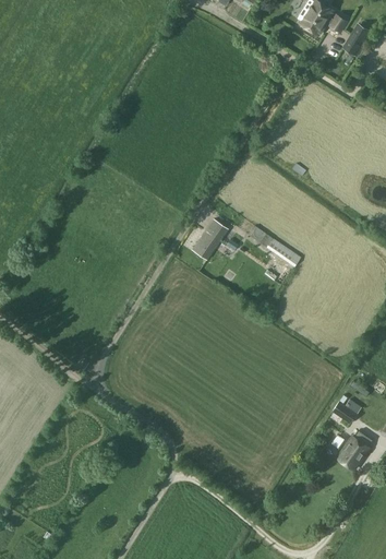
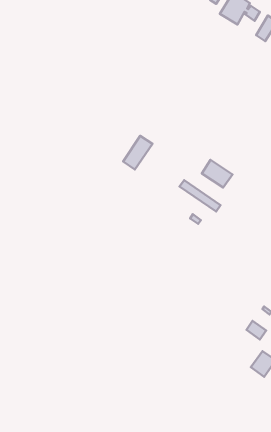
building: none -> [202,160,232,187]
building: [192,217,228,259] -> [123,136,153,170]

